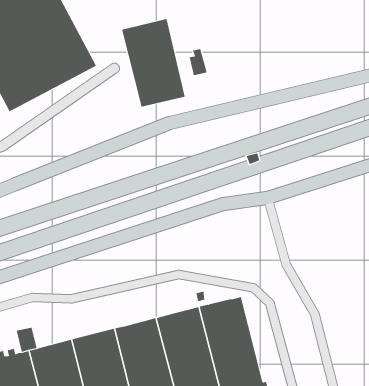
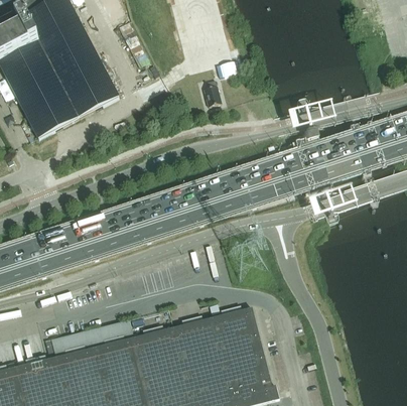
building: [122,18,185,108] -> none

